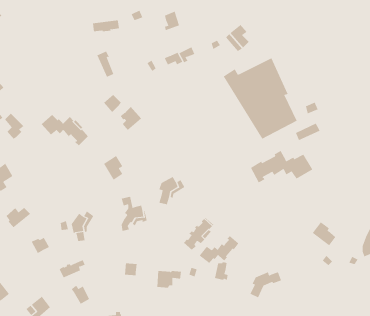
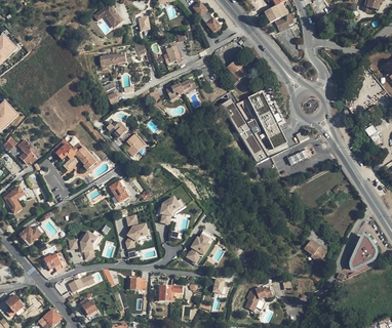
building: [250,150,313,183] -> none
building: [199,235,239,264] -> none

